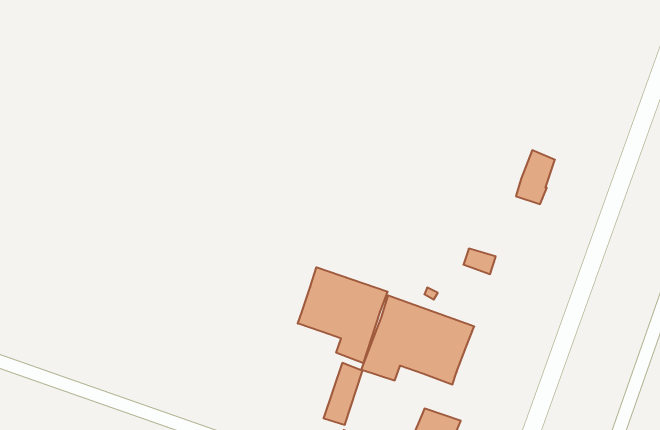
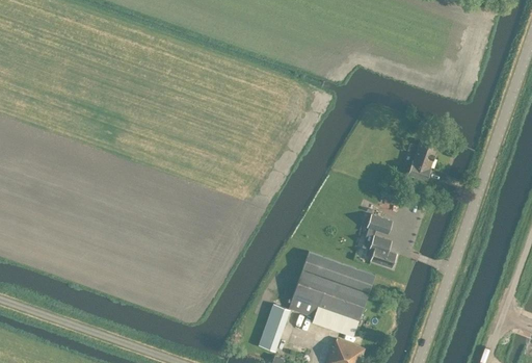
building: [298,267,388,363] -> none
building: none -> [369,234,395,266]
building: none -> [328,310,357,335]

